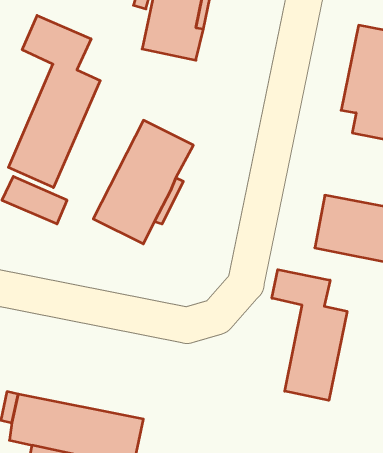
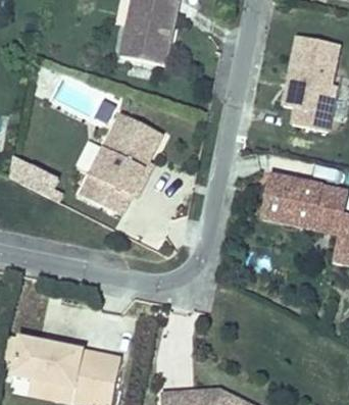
building: [8,15,100,188] -> none
building: [272,270,347,400] -> none

